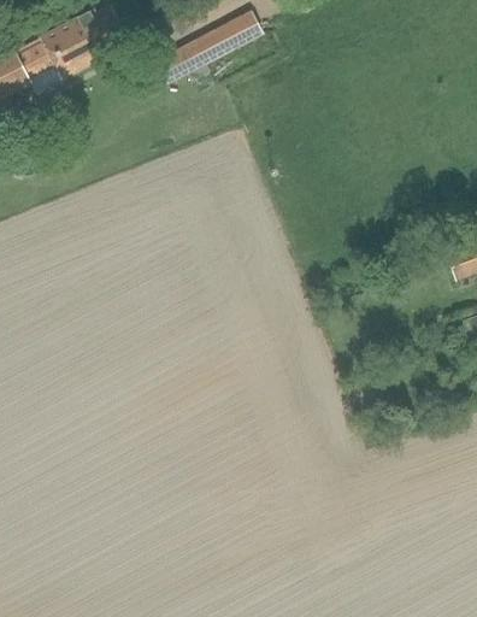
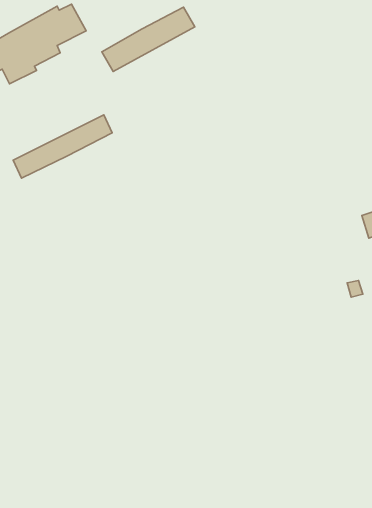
building: none -> [13,115,112,178]

